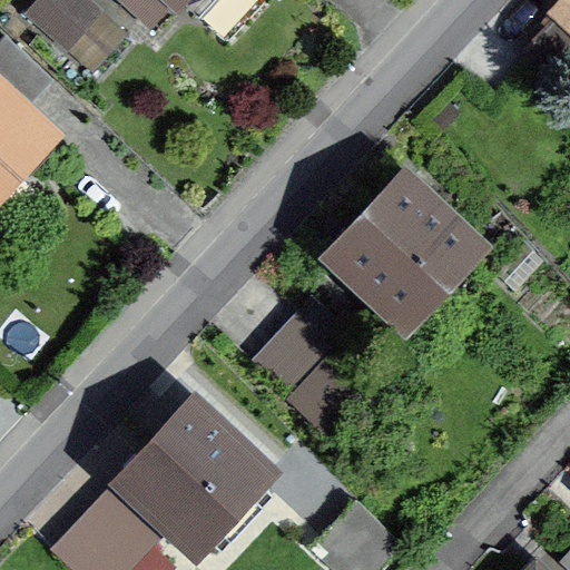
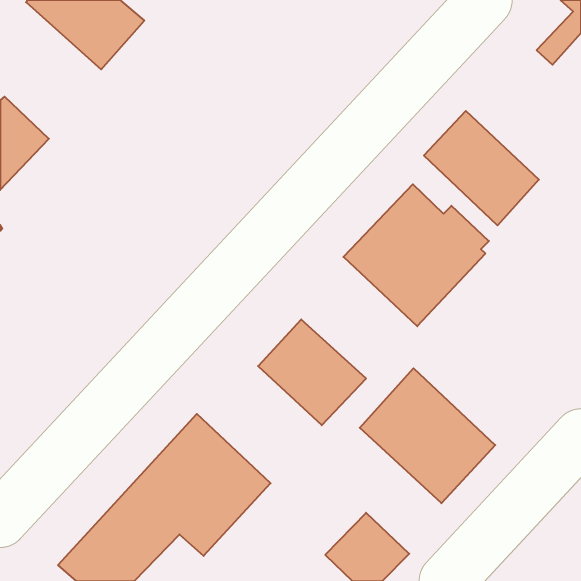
building: none -> [424,111,539,225]
building: none -> [360,368,495,503]

